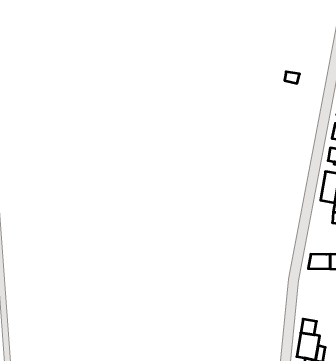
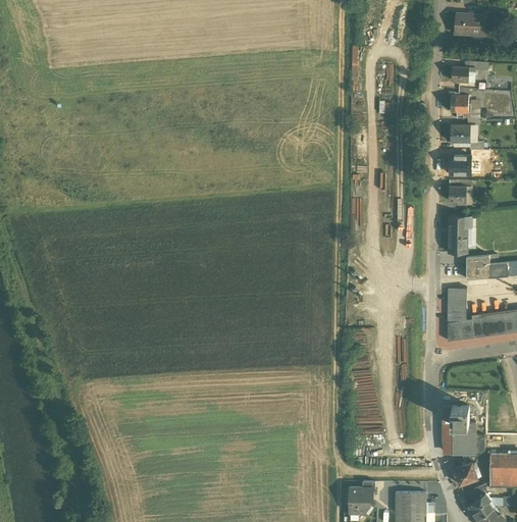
building: none -> [448,288,467,322]

